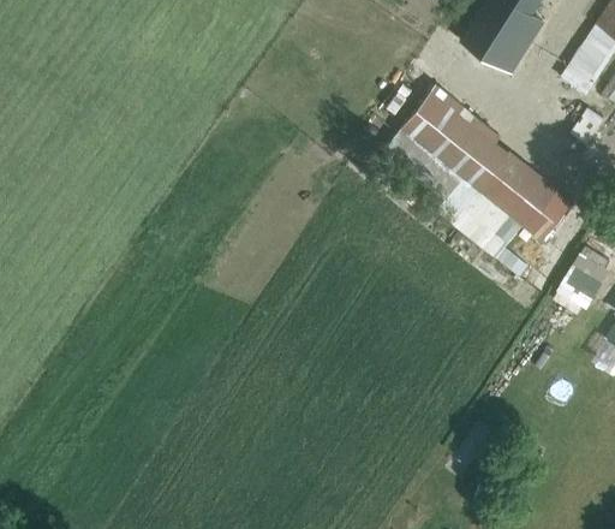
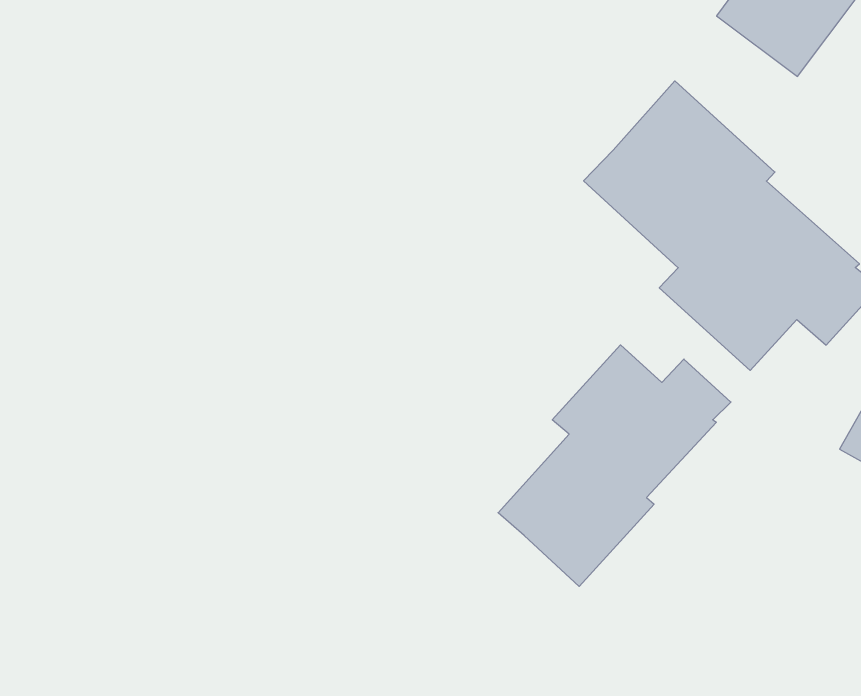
building: none -> [498,345,731,586]

